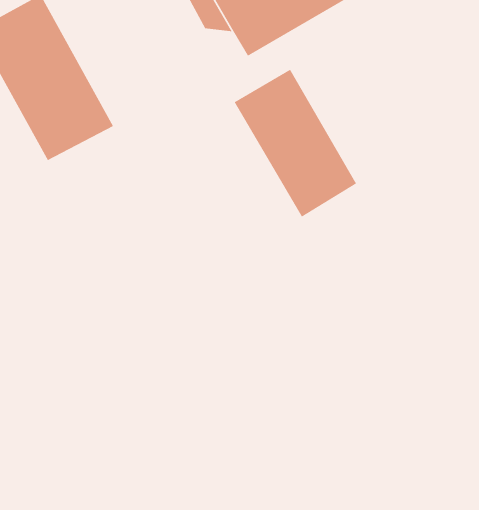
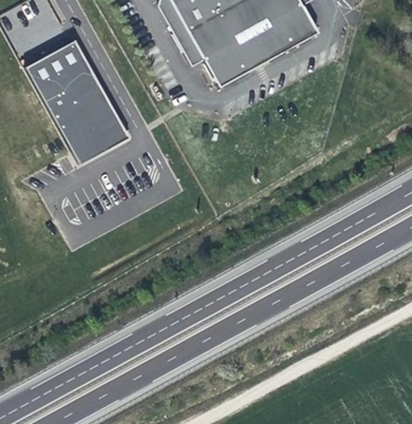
building: [234,69,357,218] -> none

